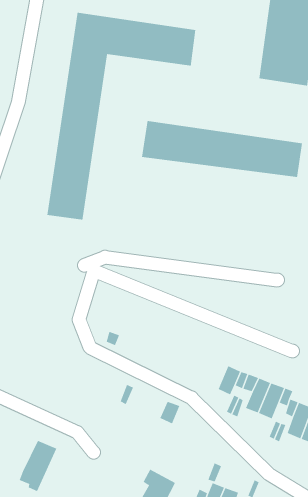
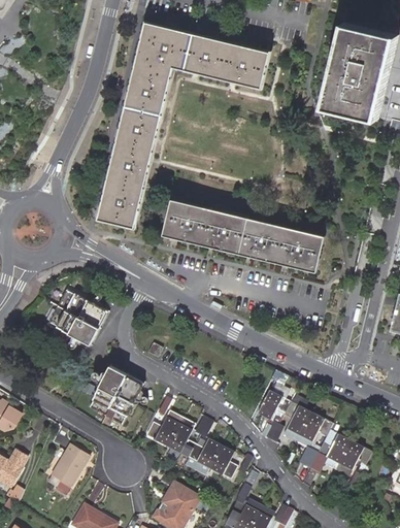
building: [141,121,303,178] -> [157,200,320,271]
building: none -> [46,289,107,344]
building: none -> [86,364,140,423]
building: none -> [142,410,239,482]

